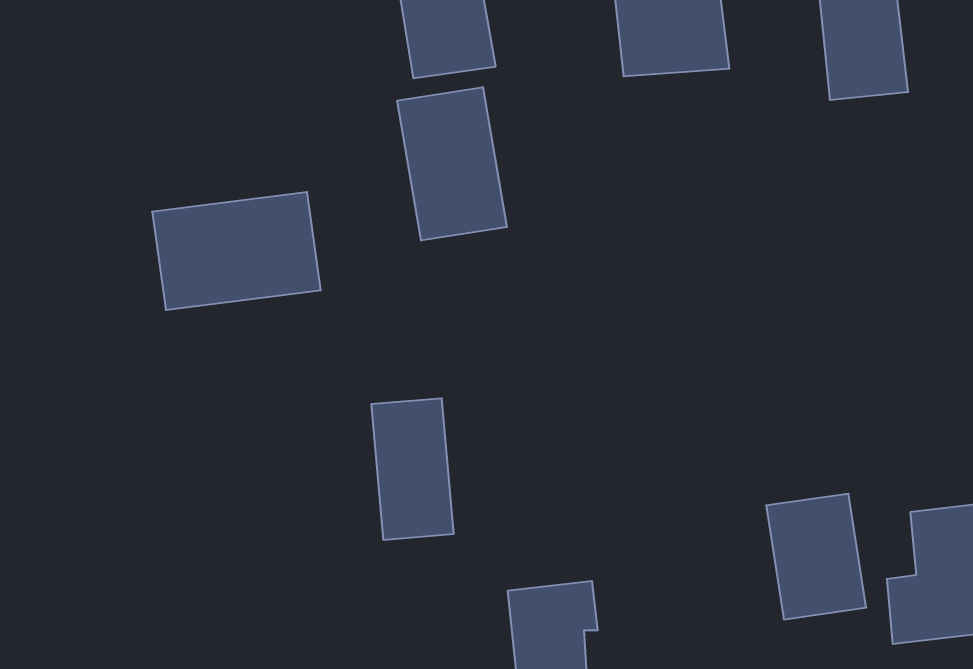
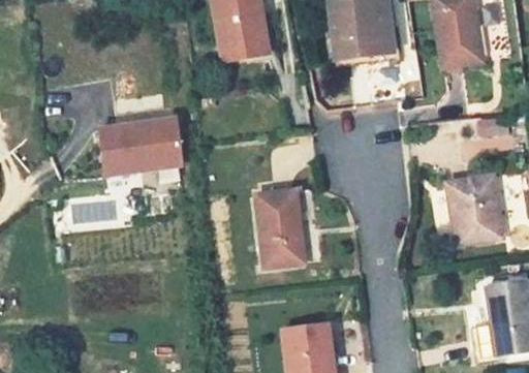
building: [397,87,507,241] -> none
building: [371,398,454,540] -> [254,189,298,263]
building: [766,494,866,619] -> [453,180,505,246]

